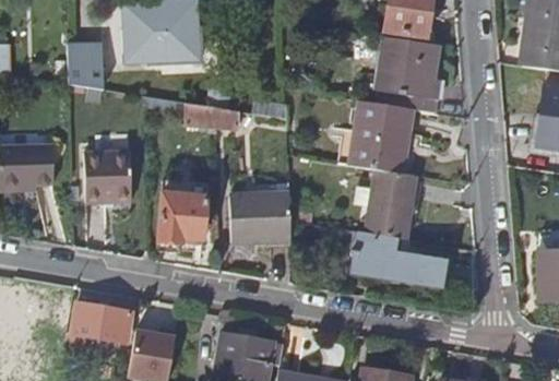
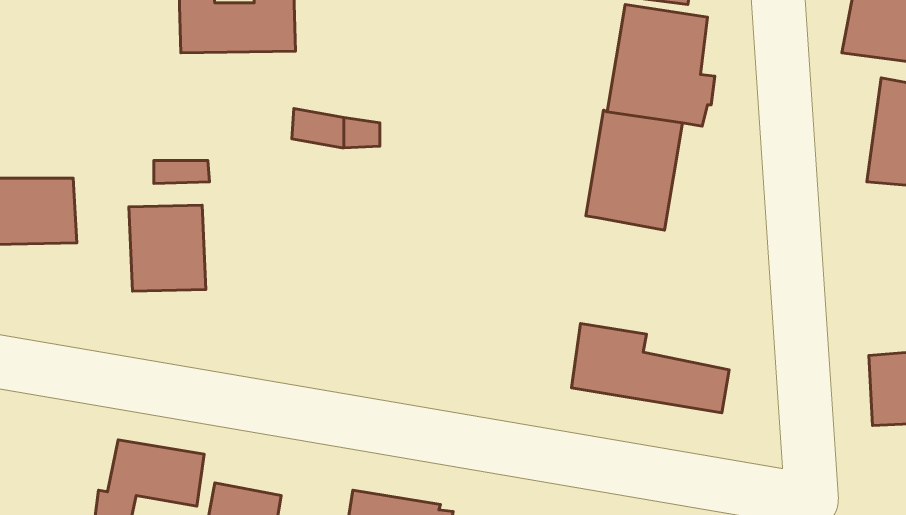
building: [67,41,106,88] -> none
building: [359,167,411,238] -> none
building: [158,192,211,263] -> none
building: [230,194,293,239] -> none

